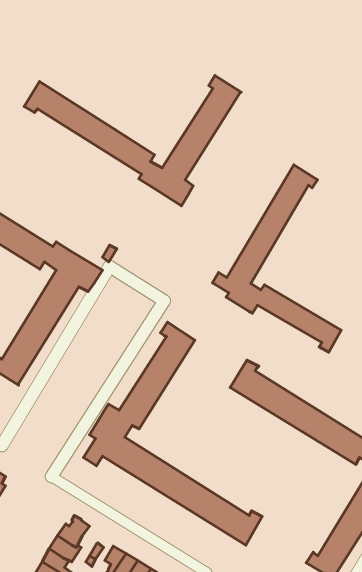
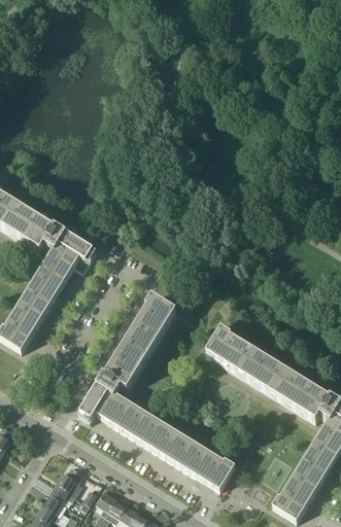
building: [24,76,241,206] -> none
building: [212,165,341,352] -> none

